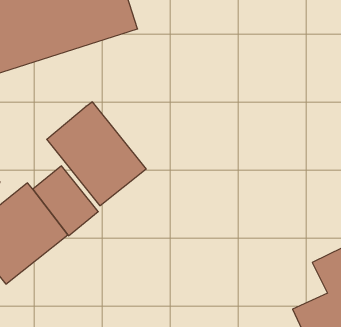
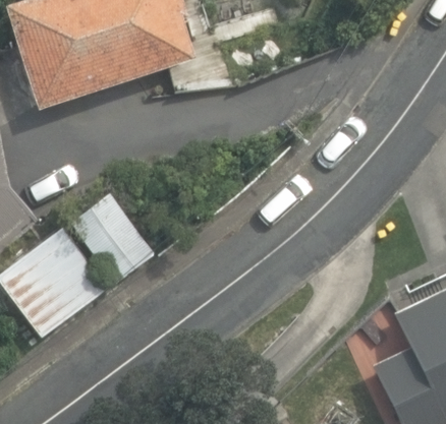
building: [47,102,146,206] -> none

